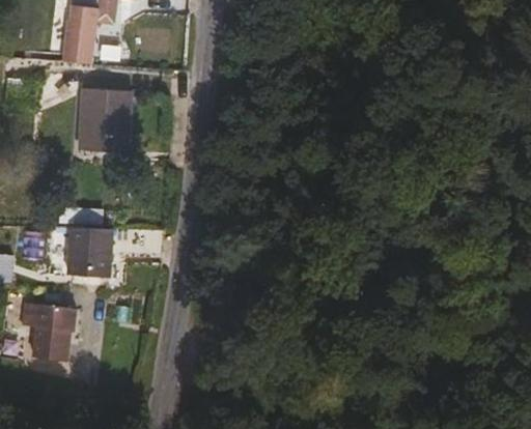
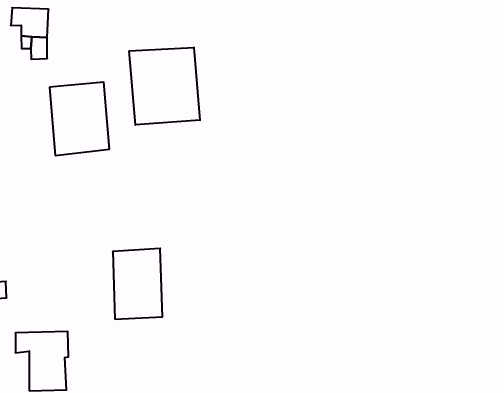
building: none -> [129,47,200,125]
building: [65,225,113,288] -> [113,248,162,319]

